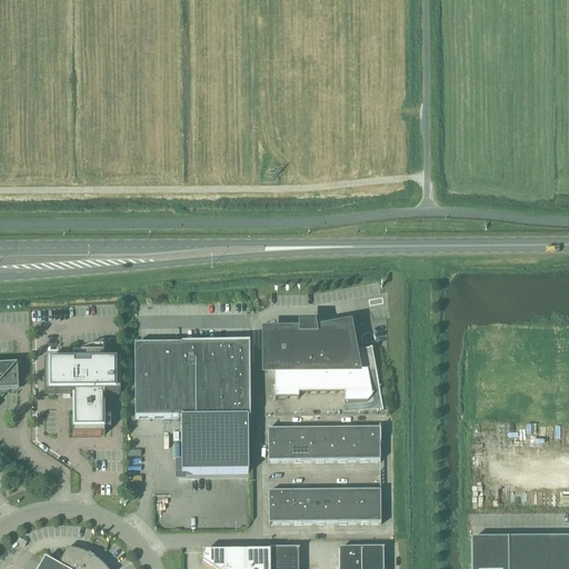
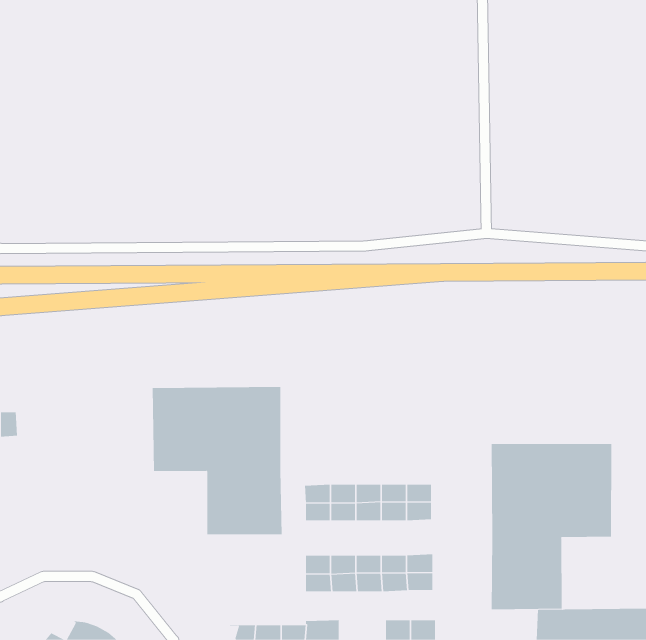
building: [266,327,383,405] -> none
building: [47,341,119,430] -> none
building: none -> [491,443,612,610]

